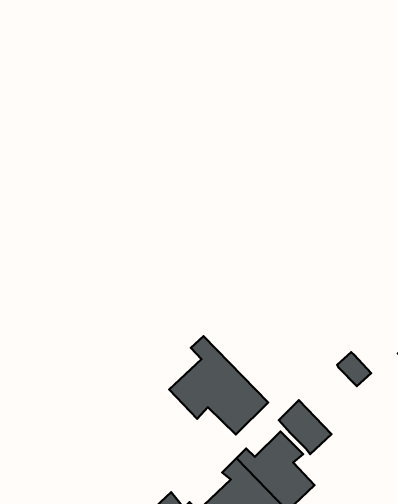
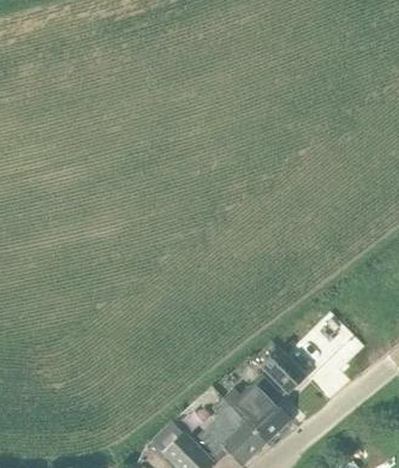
building: [169,336,268,435] -> none

